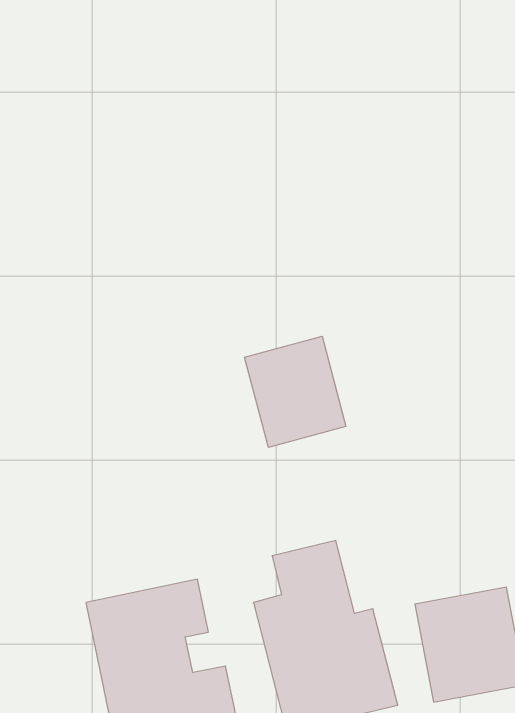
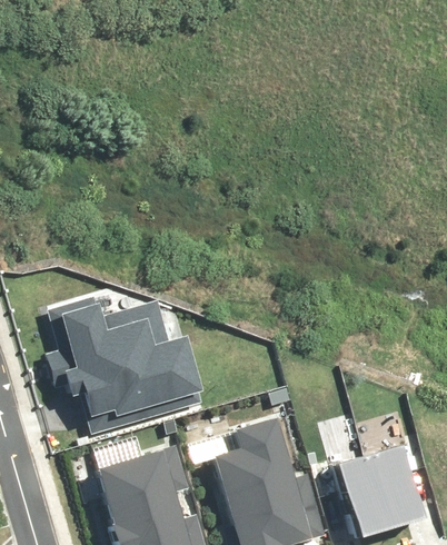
building: [245,336,346,447] -> none
building: none -> [52,304,205,426]

